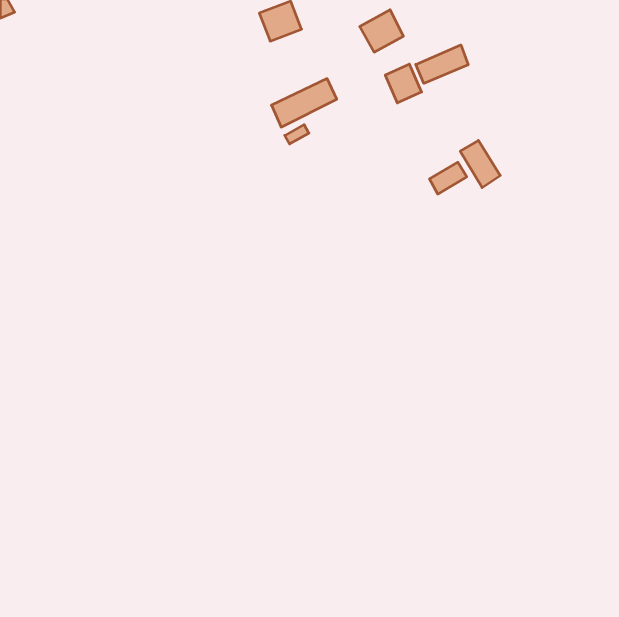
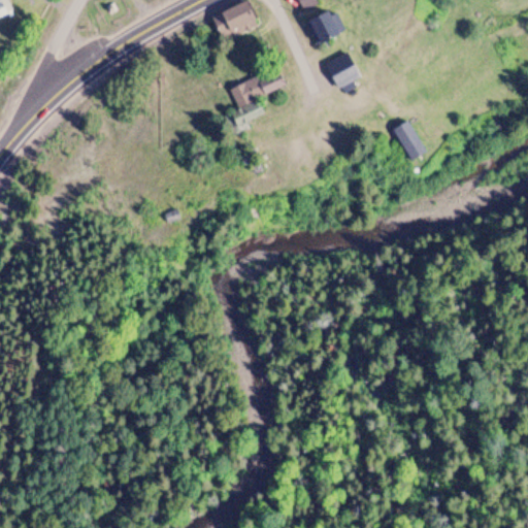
building: [416,45,468,83] -> none
building: [430,162,467,194] -> none

